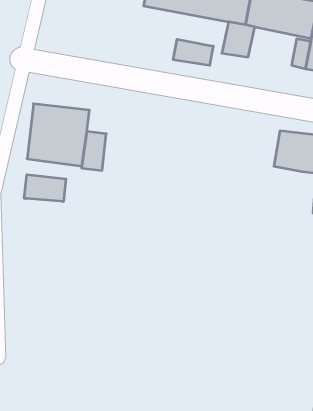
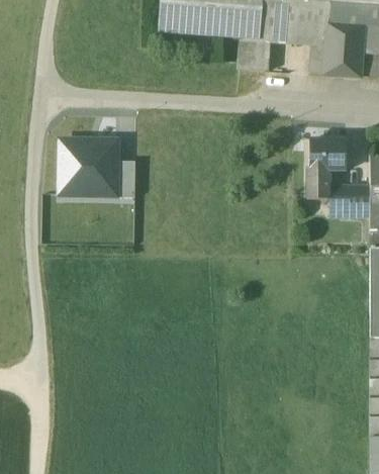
building: [173,39,213,65] -> none
building: none -> [301,174,331,206]
building: [24,175,66,202] -> none

